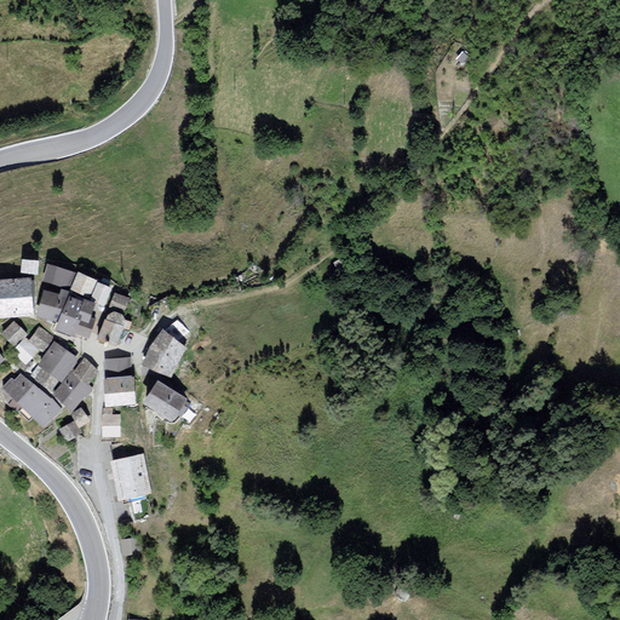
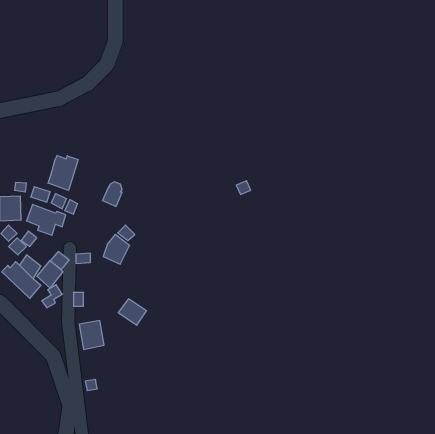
building: none -> [48,155,78,190]
building: [97,311,125,346] -> [102,182,122,207]
building: [38,341,76,379] -> none
building: [105,378,133,403] -> none
building: [144,381,184,419] -> [118,299,146,325]

